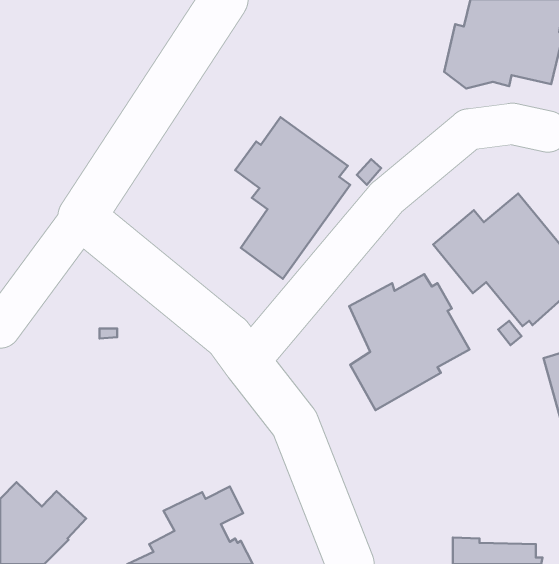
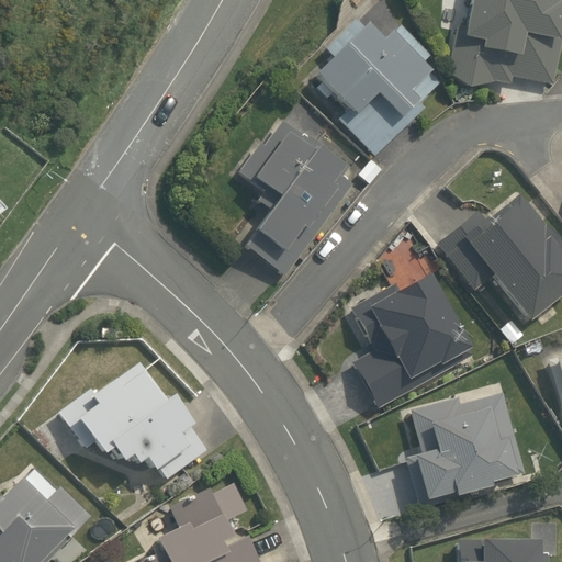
building: none -> [316,16,440,156]
building: none -> [58,362,205,477]
building: none -> [404,390,526,505]

